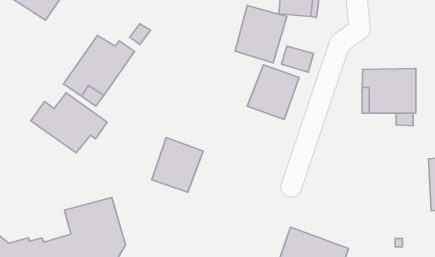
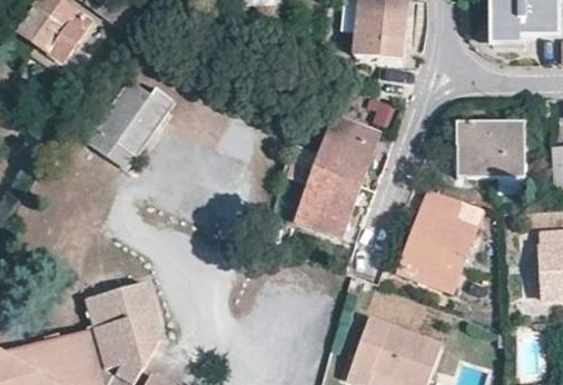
building: [235,5,287,63] -> none
building: [31,93,107,153] -> none
building: none -> [398,190,474,288]
building: [152,138,203,192] -> [296,167,359,235]

